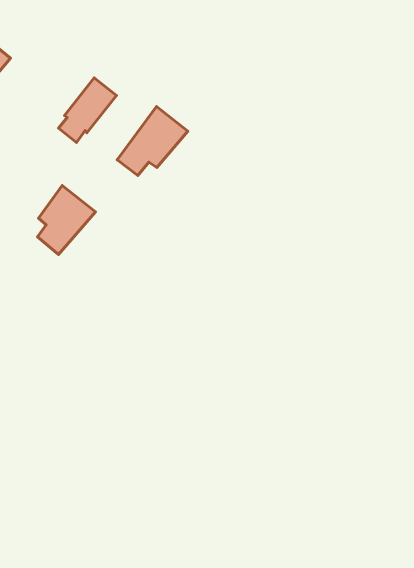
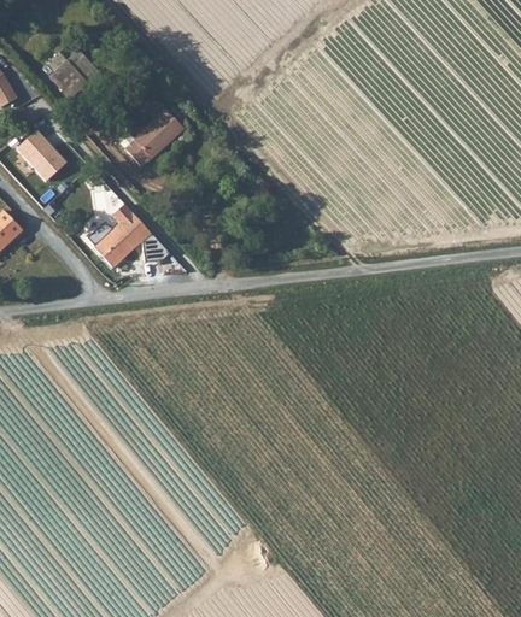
building: [117,107,188,175] -> none

